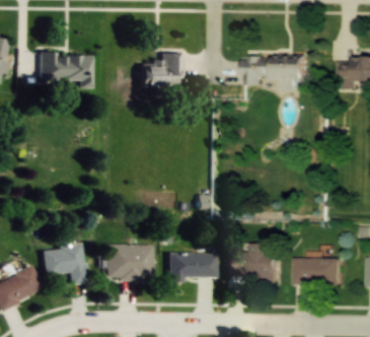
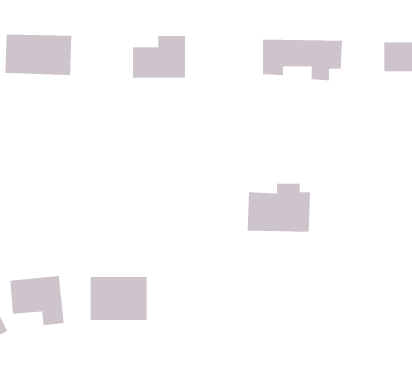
building: [228,244,279,283] -> [247,183,311,232]
building: [169,252,217,279] -> none
building: [295,258,342,285] -> none

